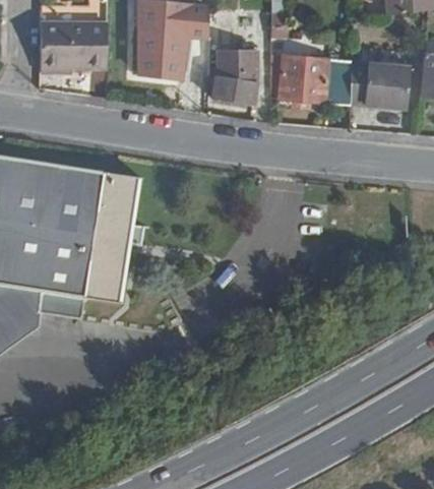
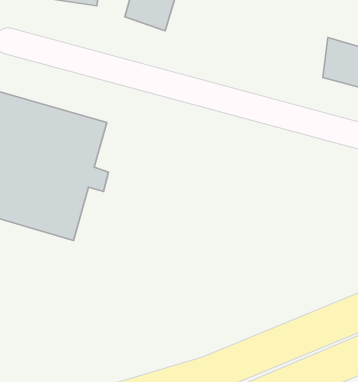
building: [211,49,259,101] -> none
building: [268,50,350,103] -> none

